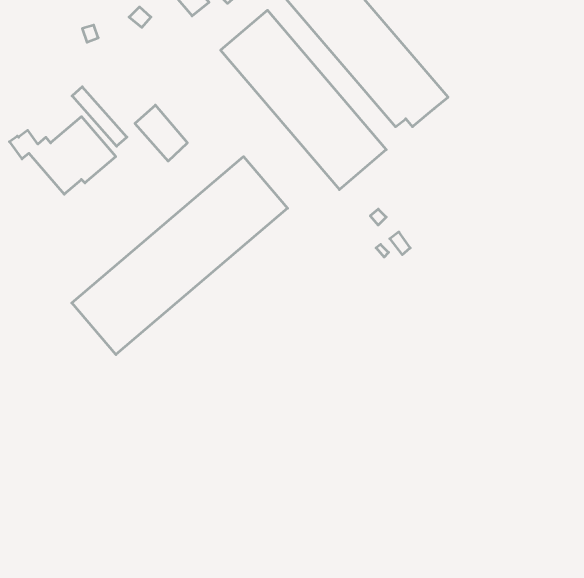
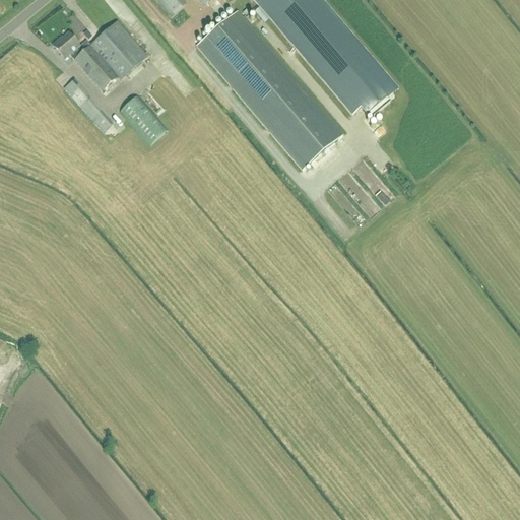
building: [9,117,116,194] -> [53,19,147,88]
building: [72,157,288,355] -> none

